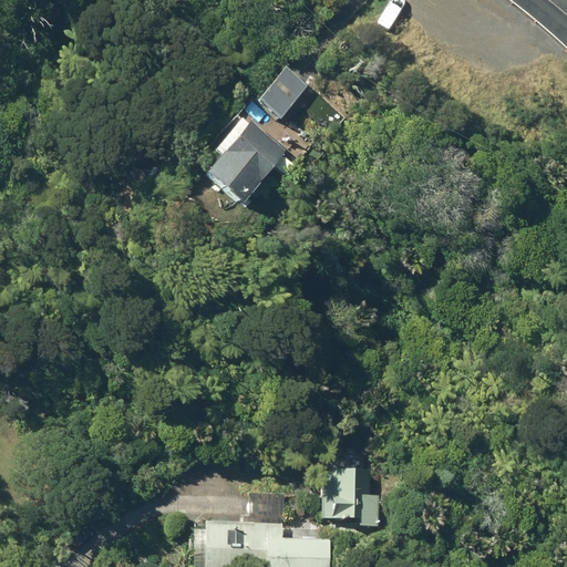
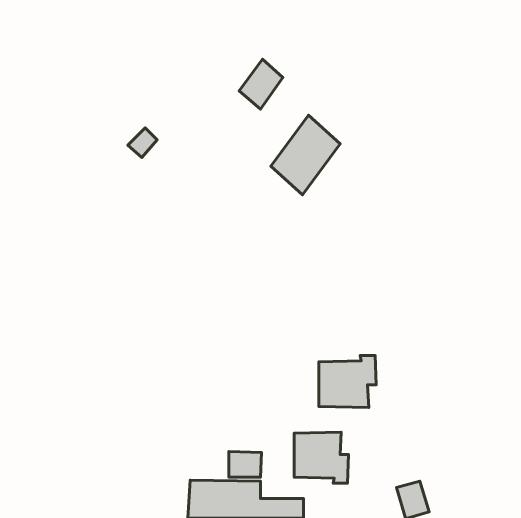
building: [213,120,288,206] -> [271,115,340,195]
building: none -> [319,356,376,408]

